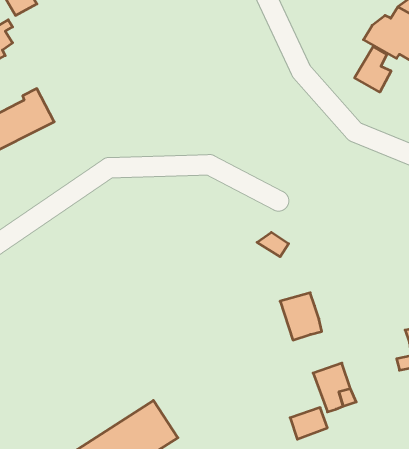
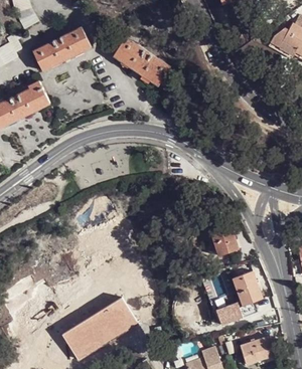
building: none -> [33,26,91,70]
building: none -> [114,37,170,85]
building: [355,47,391,92] -> none

